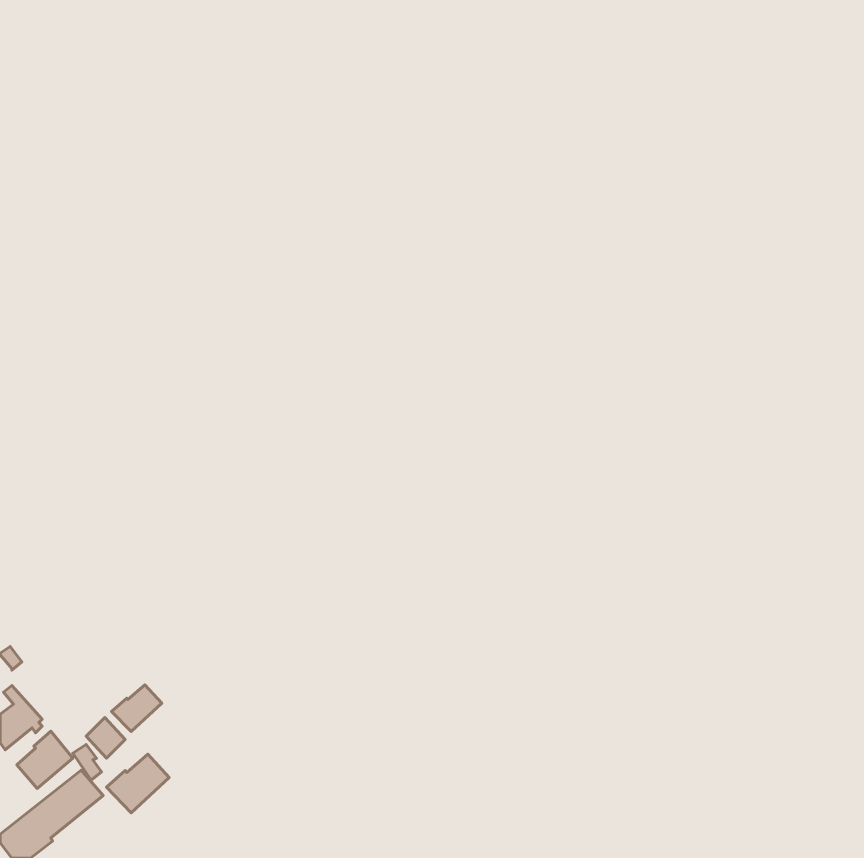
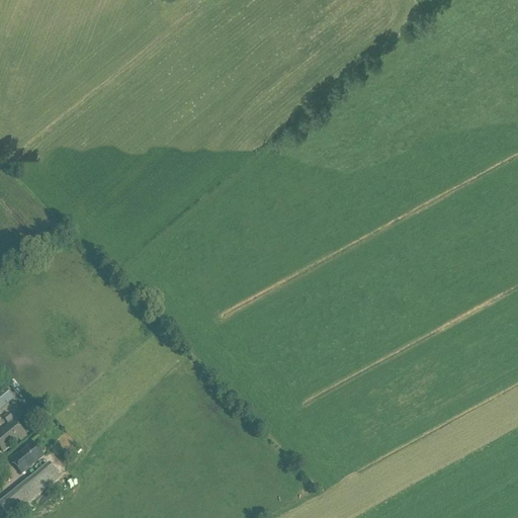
building: [111,685,162,732] -> none
building: [106,754,169,813] -> none

